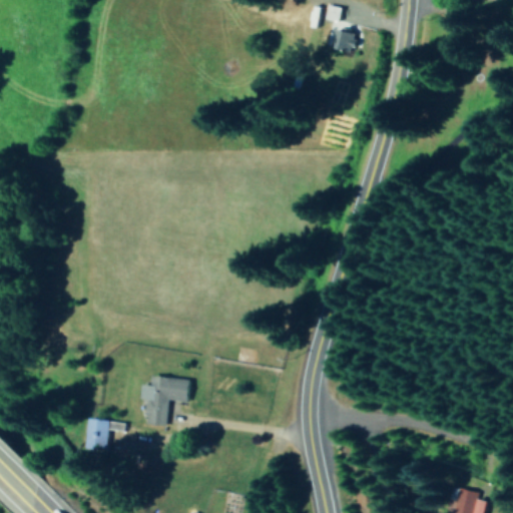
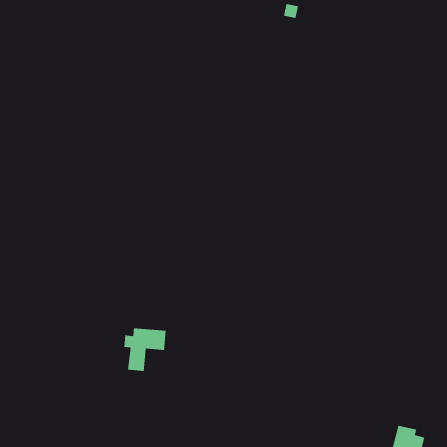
building: [333,29,357,52] -> none
building: [85,418,110,451] -> none

